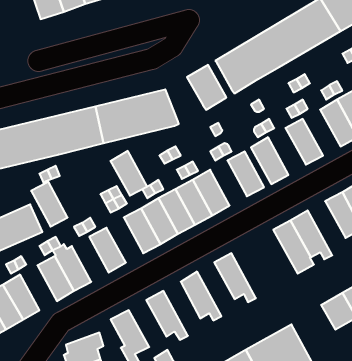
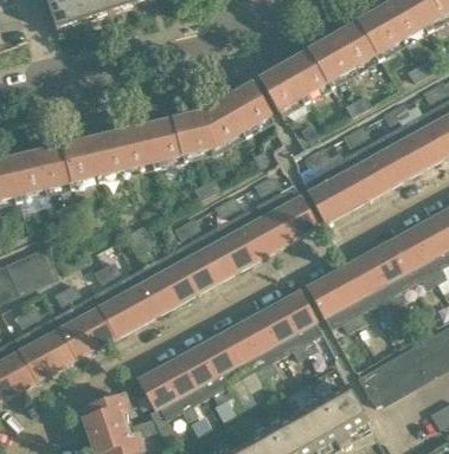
building: none -> [203,97,250,151]
building: none -> [363,135,406,188]
building: none -> [322,156,366,210]
building: [110,151,147,196] -> [134,260,177,312]
building: none -> [255,194,297,246]
building: [31,182,68,227] -> [94,283,136,335]
building: none -> [368,241,412,304]
building: none -> [308,274,357,331]
building: none -> [280,290,323,354]
building: none -> [239,312,283,375]
building: none -> [33,316,76,368]
building: none -> [200,335,243,397]
building: none -> [160,356,204,419]
building: none -> [360,362,400,404]

